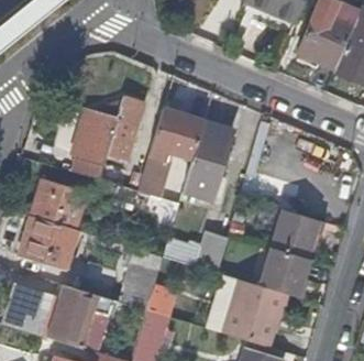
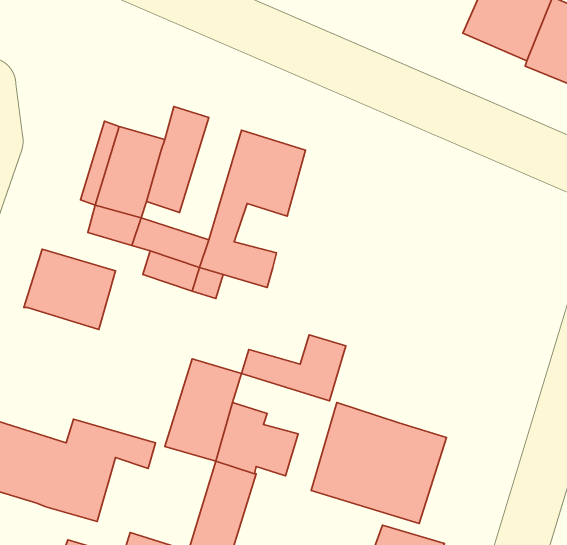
building: [183,120,232,201] -> none
building: [258,211,318,298] -> none
building: [23,217,82,271] -> none

